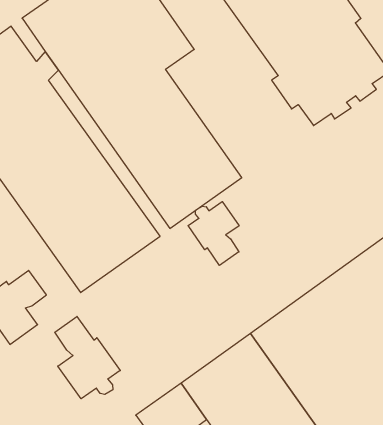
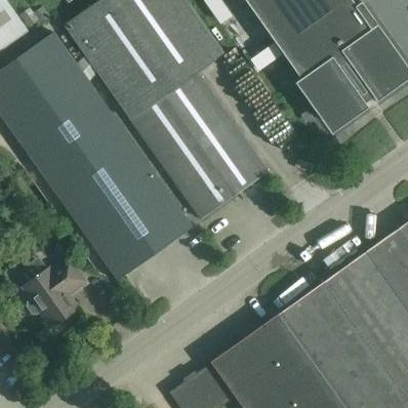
building: [188,202,239,265] -> none
building: [55,316,120,399] -> none

